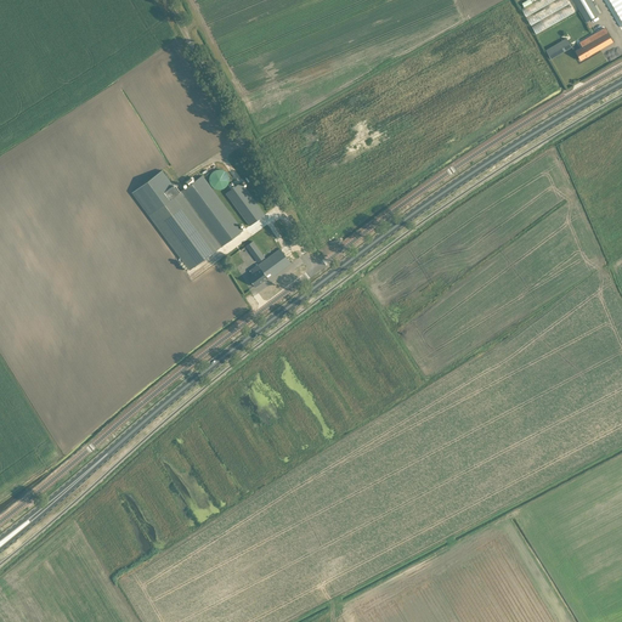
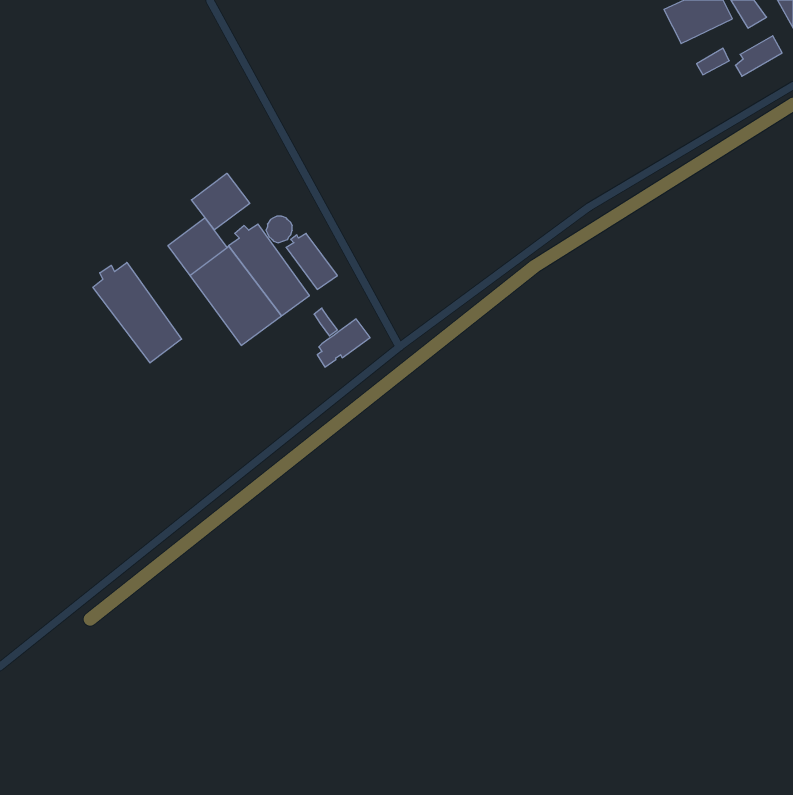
building: none -> [191,173,250,230]
building: none -> [93,262,182,363]

